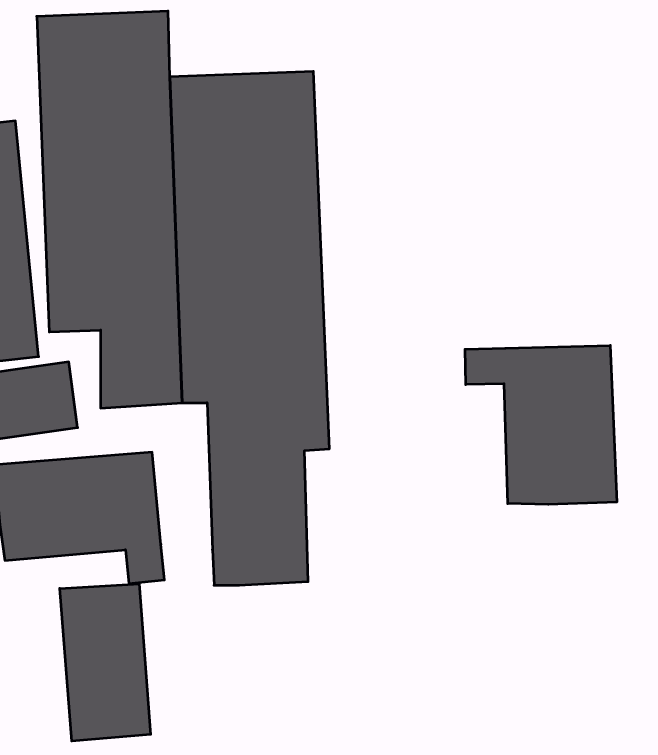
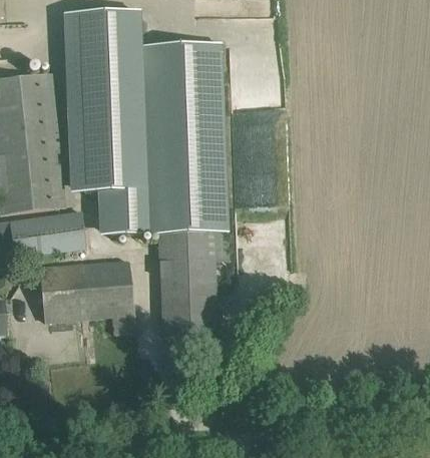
building: [465,345,617,504] -> none
building: [60,584,151,741] -> none

